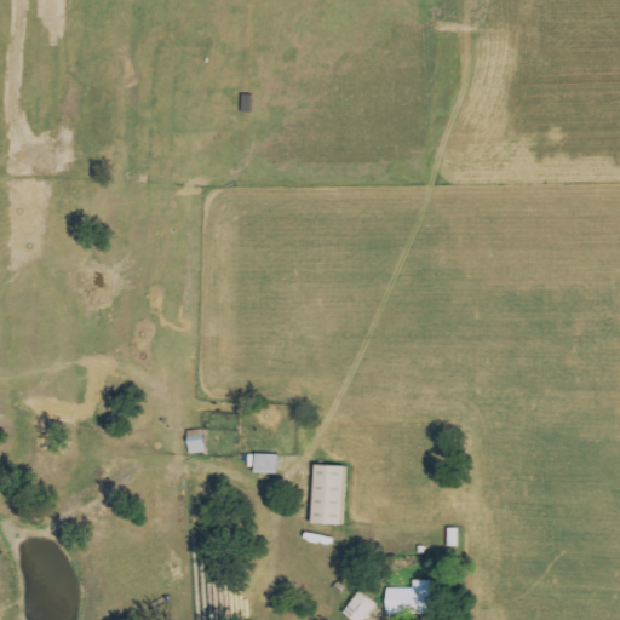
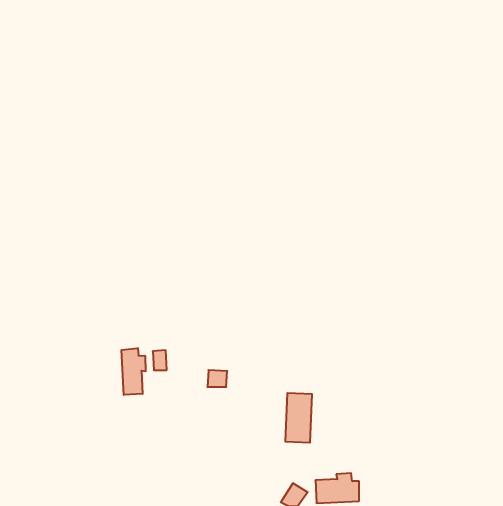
building: none -> [122,348,146,395]
building: [311,464,344,524] -> [285,393,312,443]

